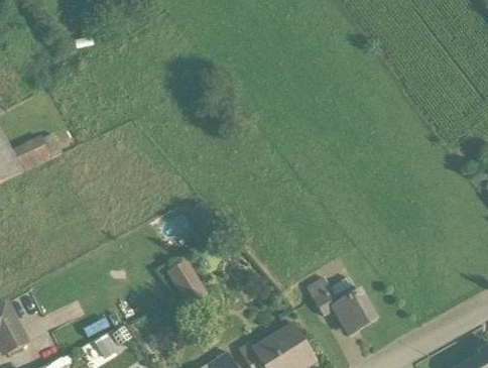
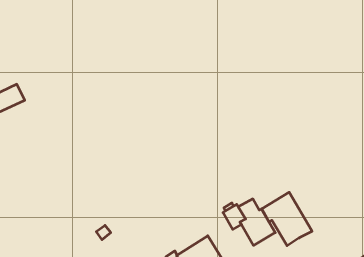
building: none -> [262,192,312,246]
building: [169,268,209,313] -> none

